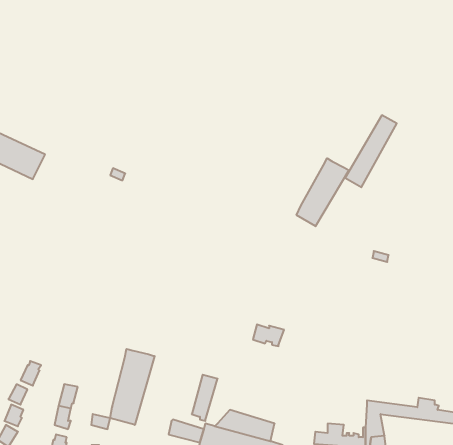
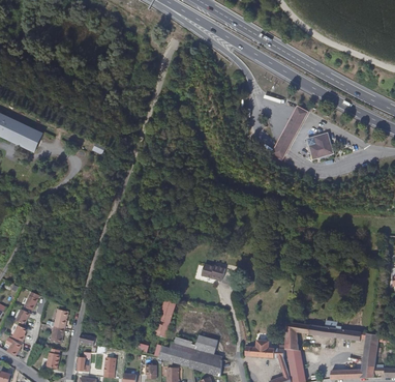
building: none -> [306,131,334,159]
building: [297,158,349,226] -> none
building: [110,349,155,425] -> none

